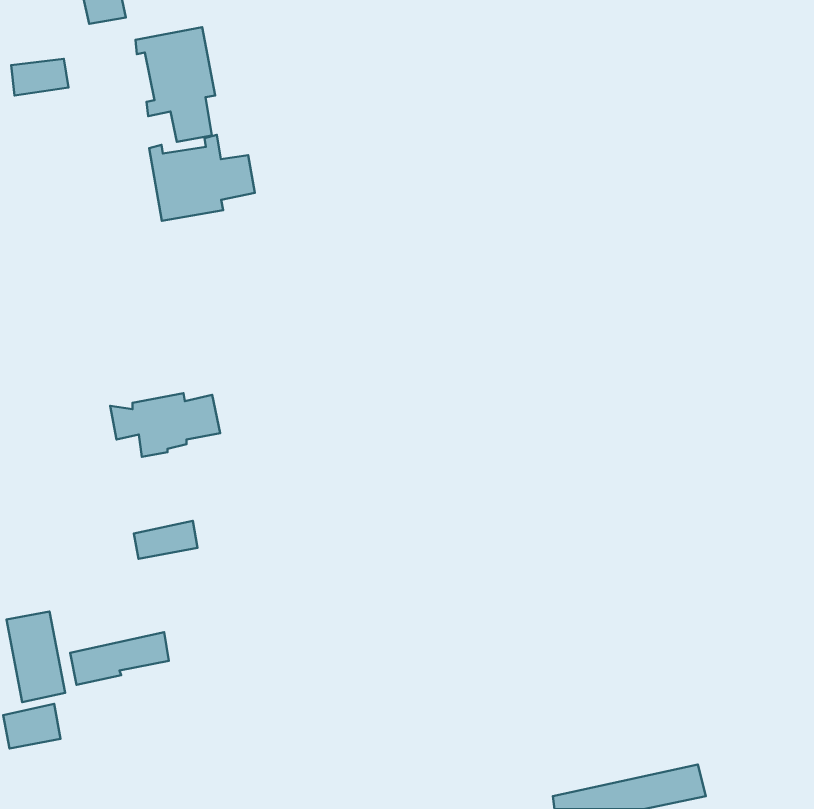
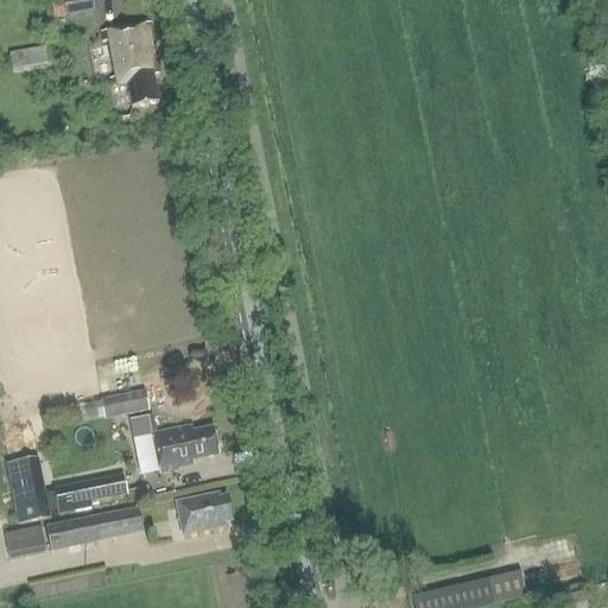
building: [149,135,255,221] -> none
building: [110,393,220,457] -> [137,424,218,471]
building: none -> [176,492,232,533]
building: none -> [45,506,142,549]

